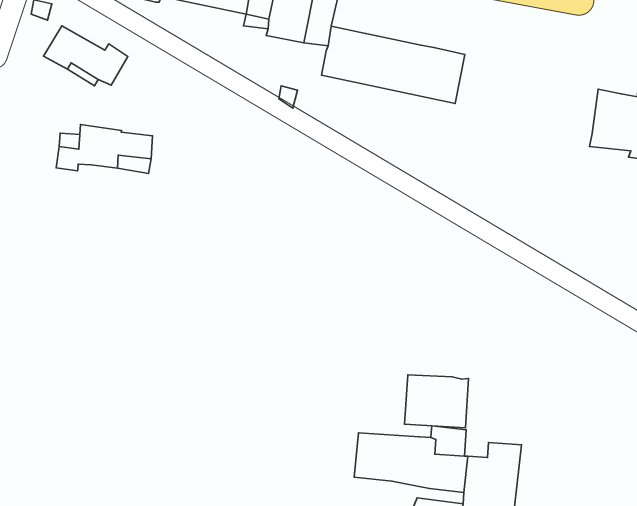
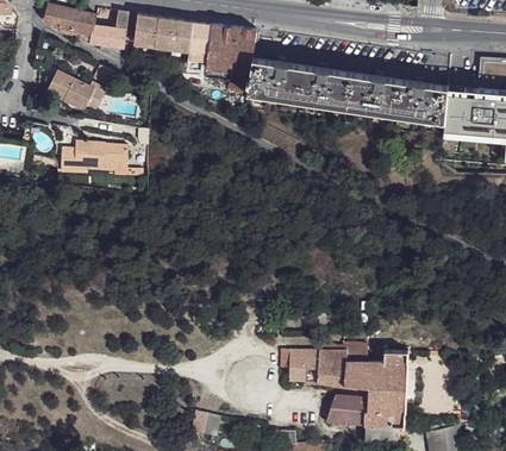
building: none -> [344,73,446,124]
building: [405,375,469,428] -> none

